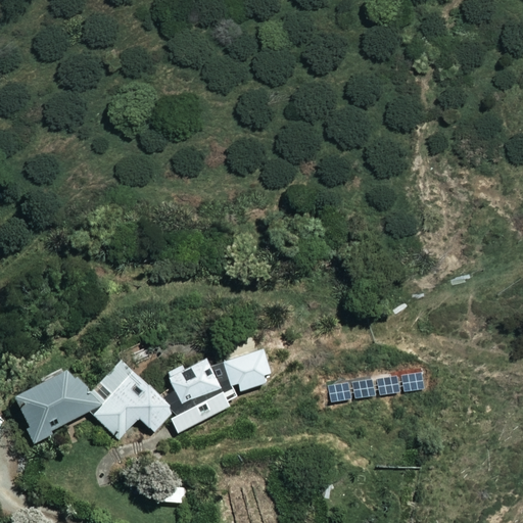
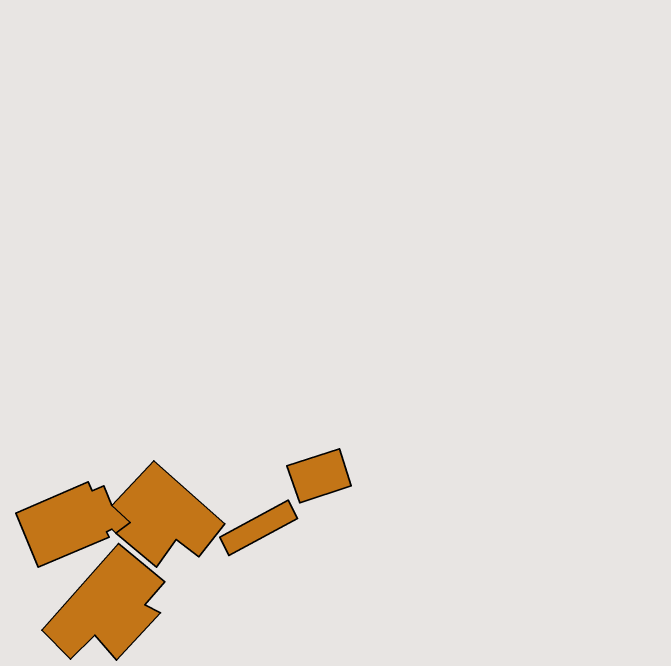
building: [167,355,222,403] -> none
building: none -> [42,544,165,660]

